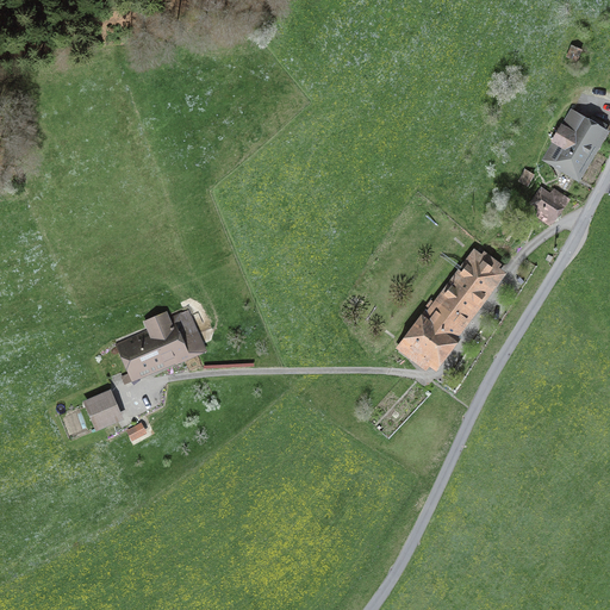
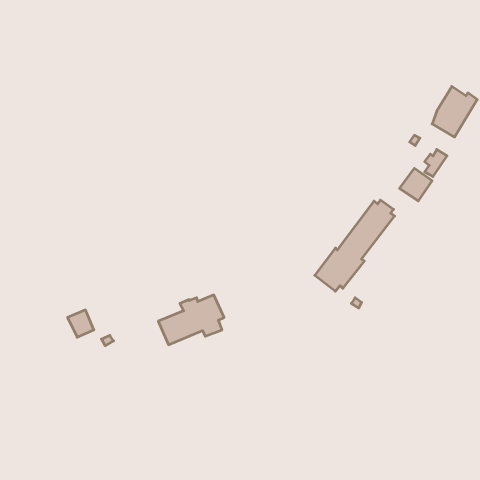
building: none -> [400,168,432,201]
building: [117,311,200,374] -> [158,295,224,345]

